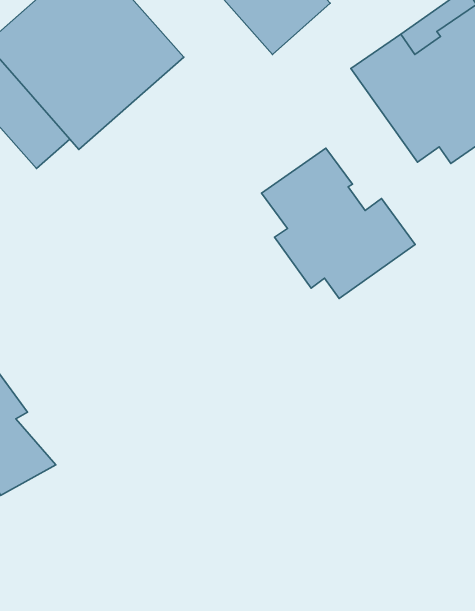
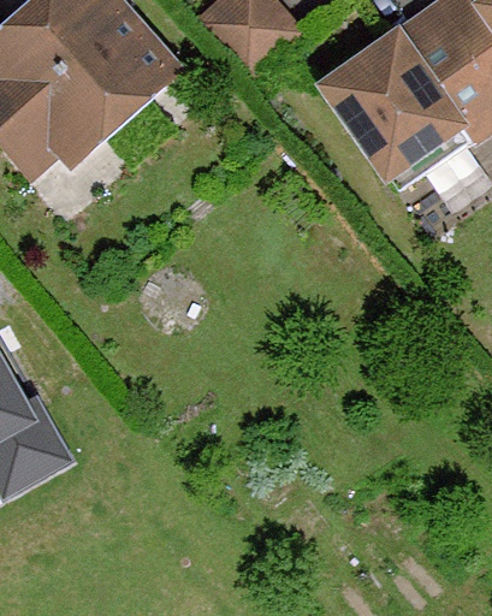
building: [262,148,415,299] -> none

